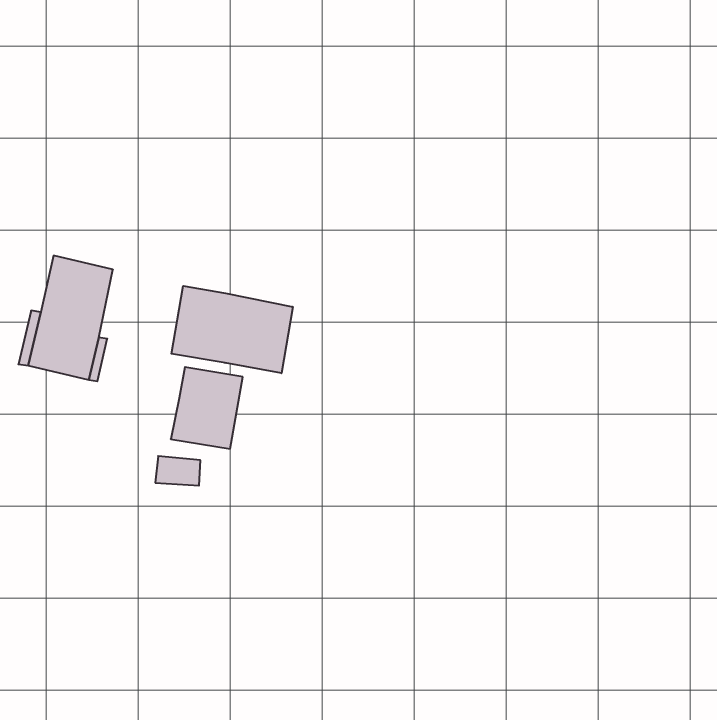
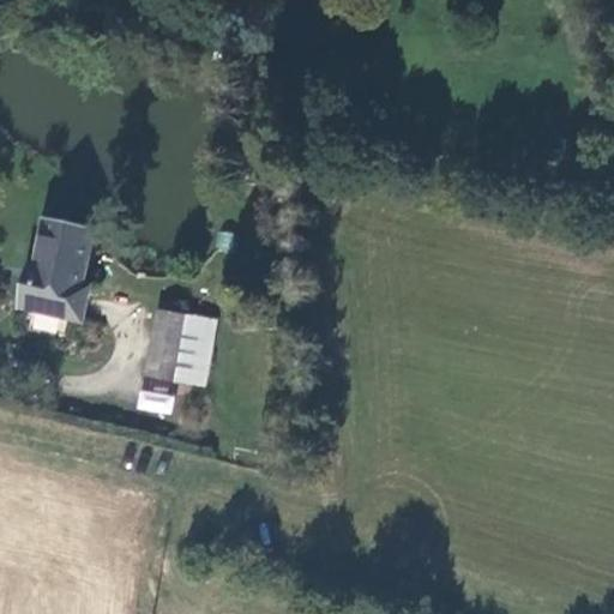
building: [171,286,293,373] -> none

